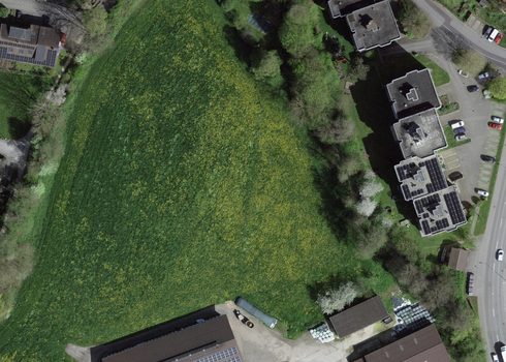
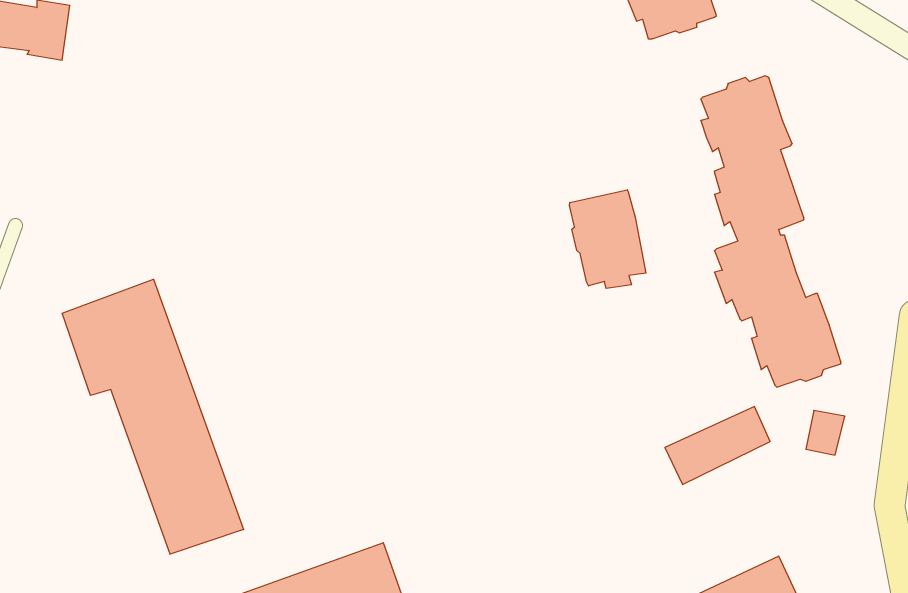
building: none -> [570,190,646,288]
building: none -> [62,279,244,554]
building: [329,296,385,337] -> [665,407,770,484]

